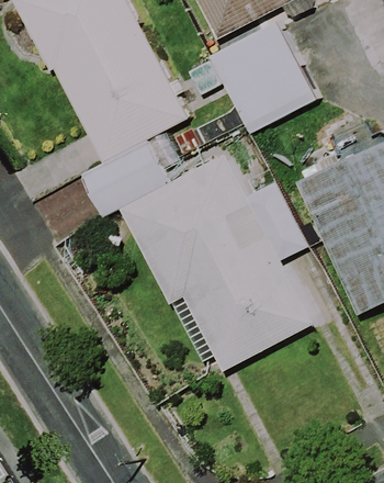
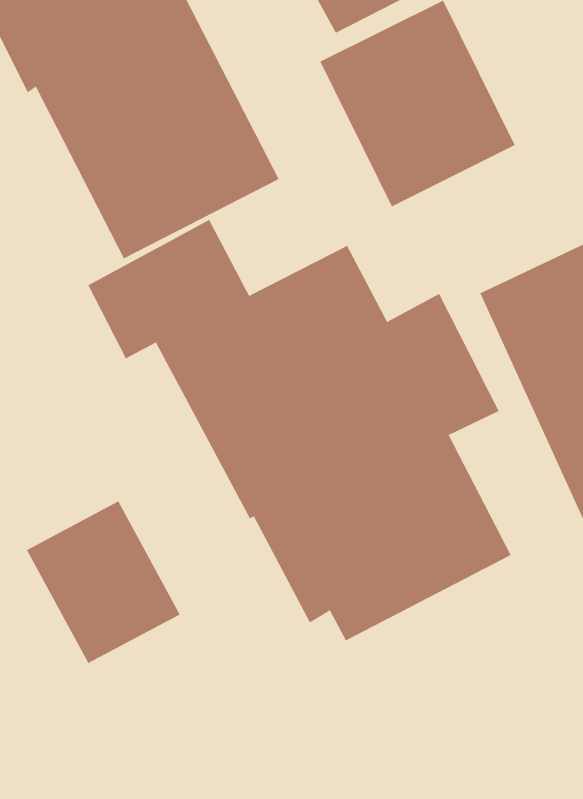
building: none -> [26,500,180,664]

